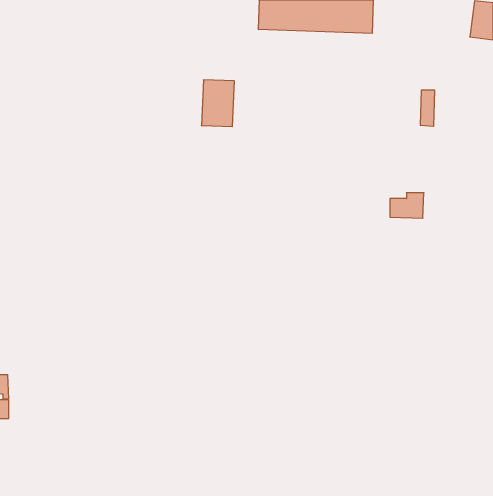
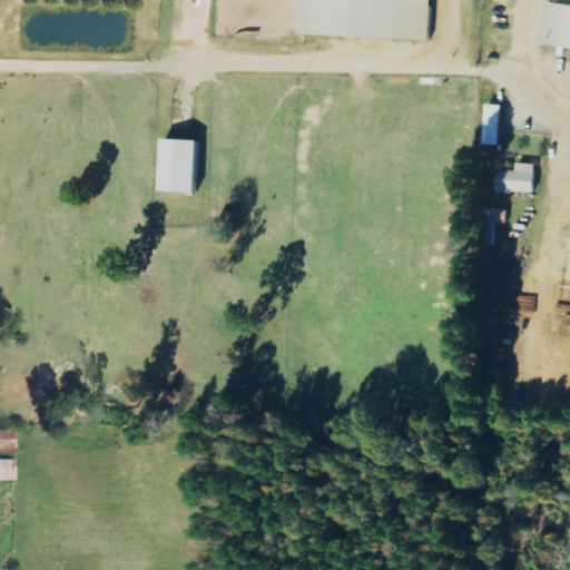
building: [201,80,234,127] -> [158,138,196,191]
building: [390,193,424,218] -> [494,163,533,191]

